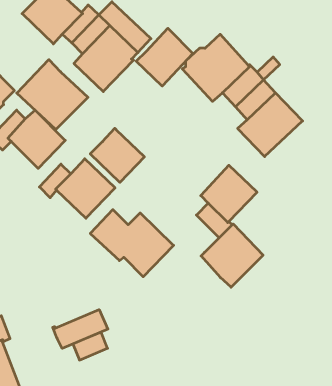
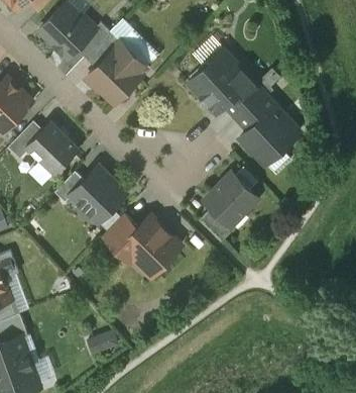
building: [136,28,193,86] -> none
building: [17,60,88,129] -> none
building: [90,128,144,182] -> none
building: [201,224,263,287] -> none
building: [53,310,108,348] -> none

